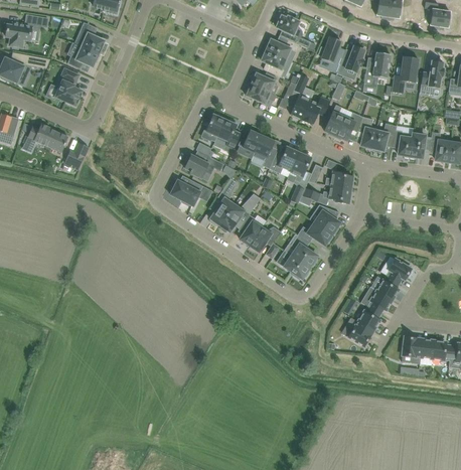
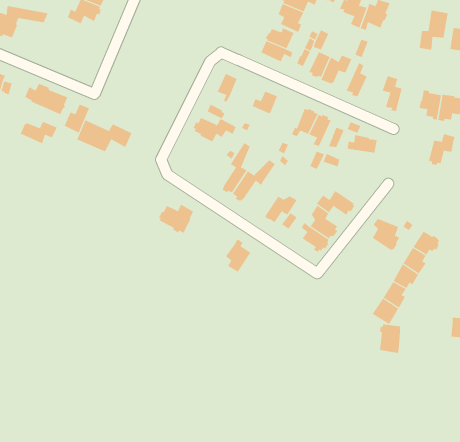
building: [363,52,391,87] -> none
building: [55,68,82,106] -> none
building: [335,113,362,141] -> none
building: [217,120,241,154] -> none
building: [371,123,397,152] -> [428,134,455,165]
building: [253,136,278,169] -> none
building: none -> [77,120,132,152]
building: none -> [20,121,57,144]
building: [169,179,202,206] -> [158,204,194,234]
building: [322,185,352,204] -> none
building: [314,204,340,234] -> [372,218,400,251]
building: [238,214,262,246] -> [225,239,251,272]
building: [402,337,422,364] -> [379,324,401,353]

